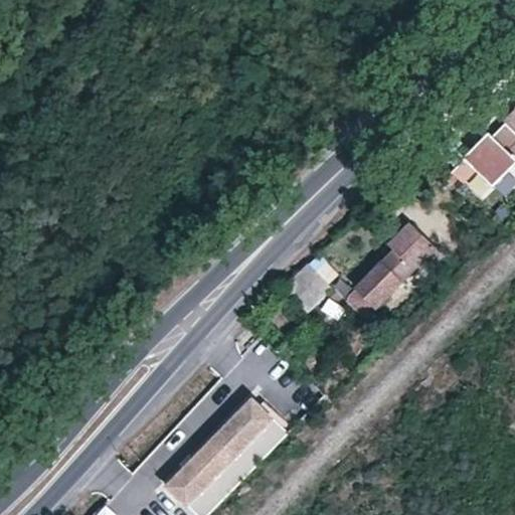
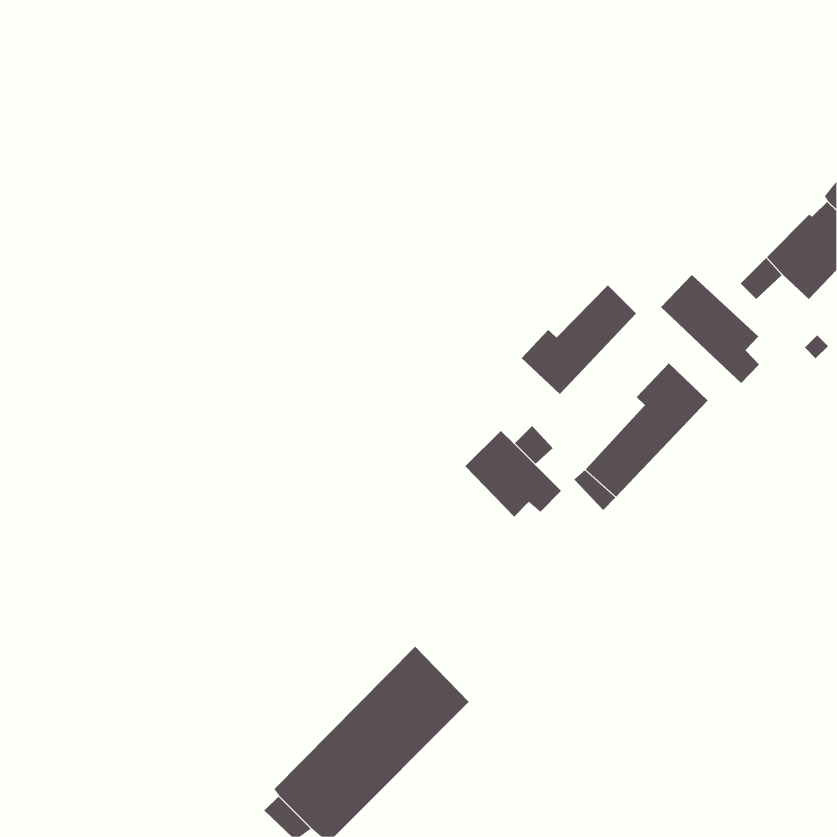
building: none -> [660,274,760,384]
building: none -> [521,285,637,395]

